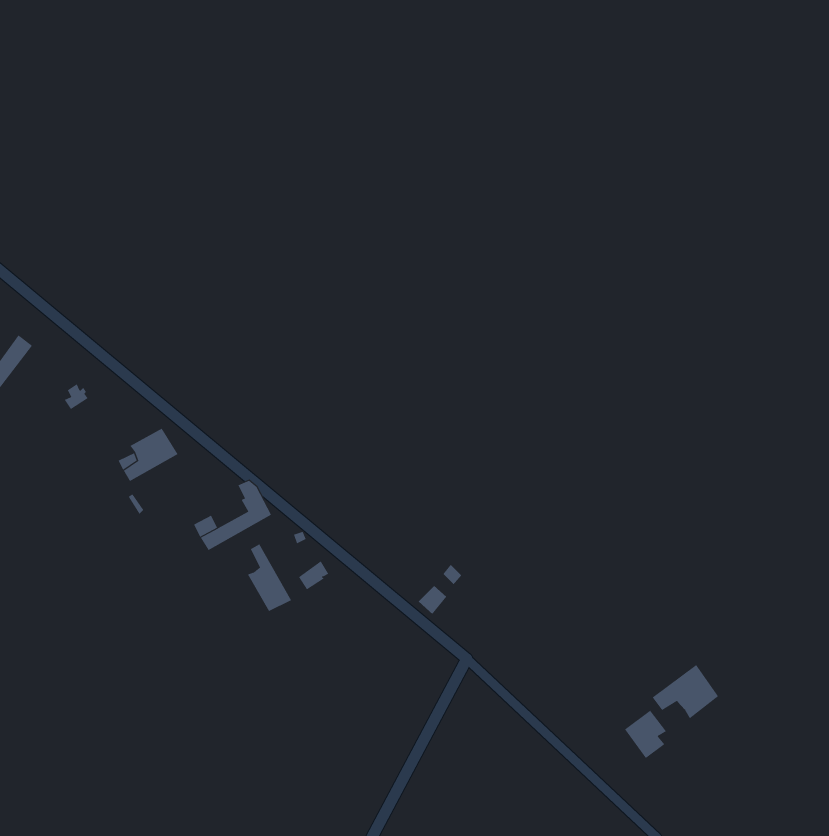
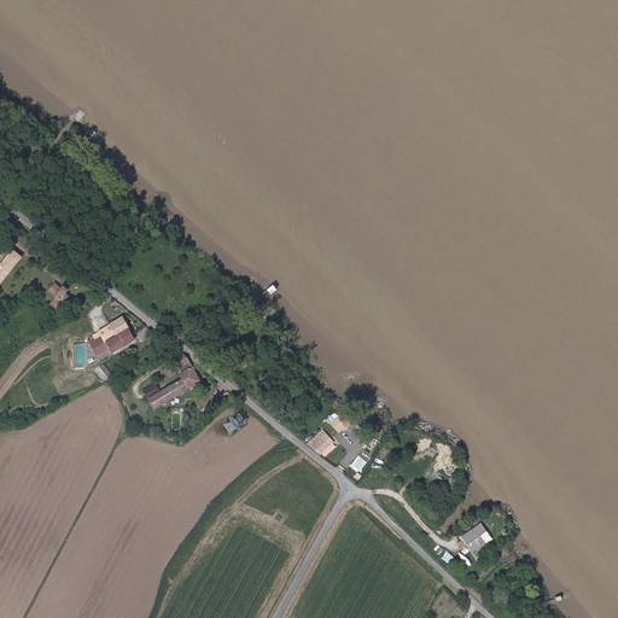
building: [247,543,292,612] -> none
building: [652,664,719,719] -> none

